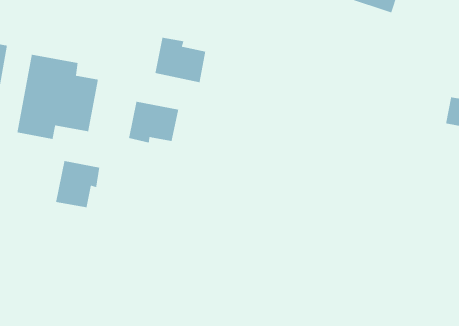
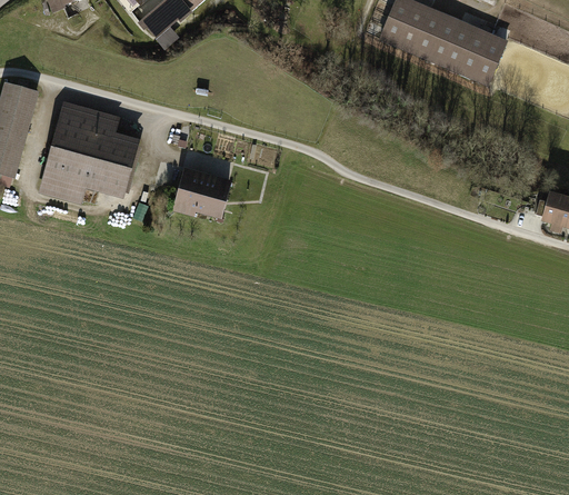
building: [154,37,206,83] -> none
building: [55,160,100,208] -> none

